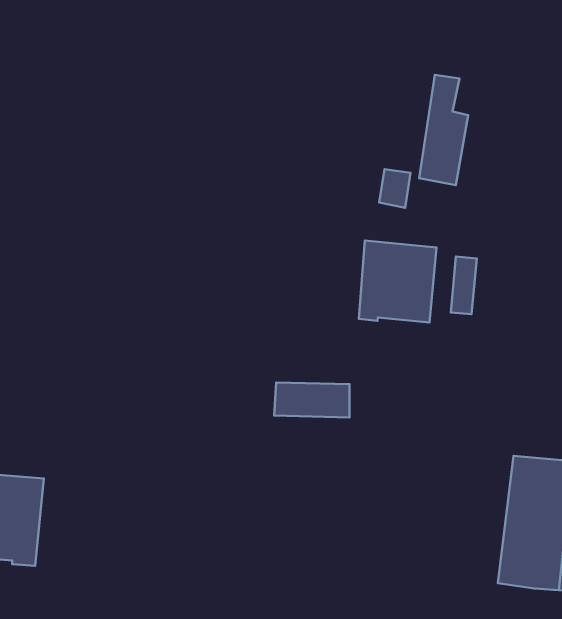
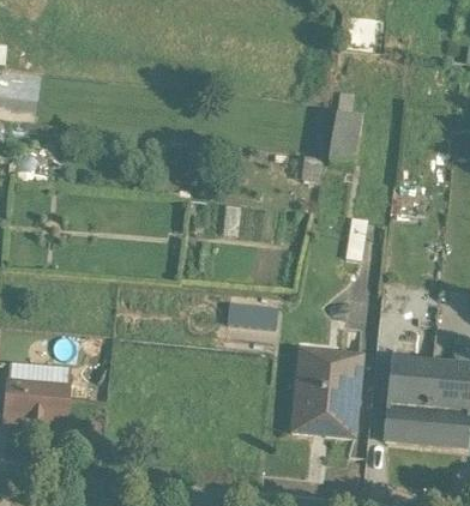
building: [359,241,437,322] -> none
building: none -> [290,347,362,436]

